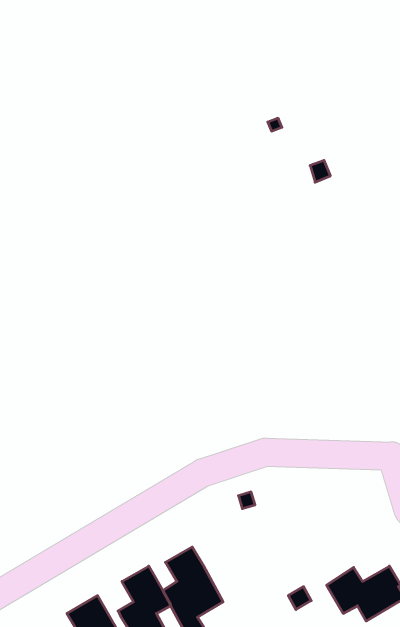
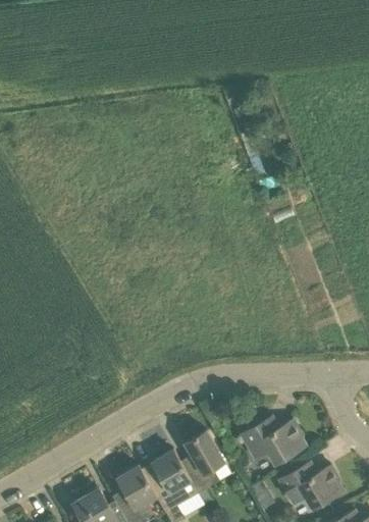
building: none -> [241,417,304,463]
building: none -> [181,430,223,493]

